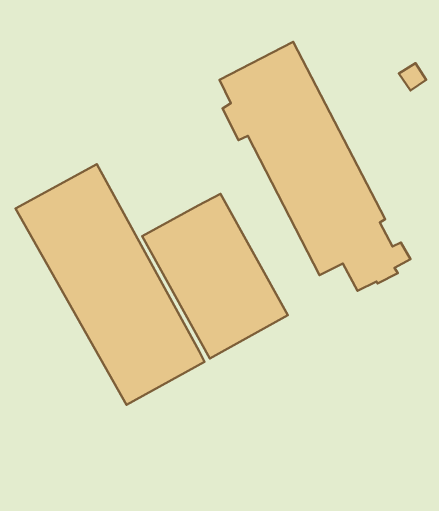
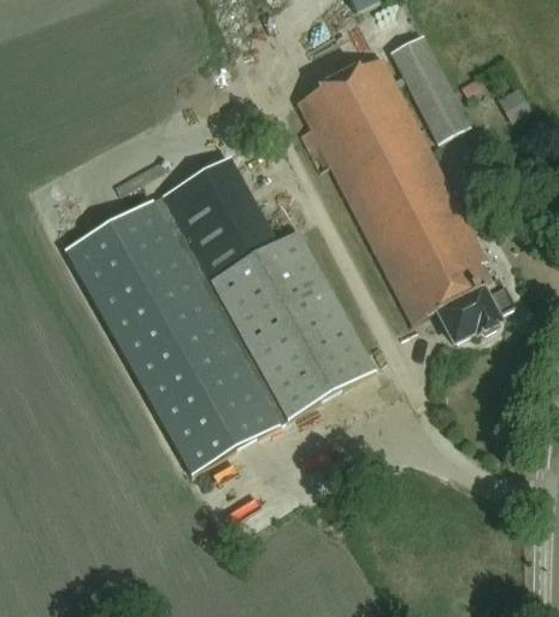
building: none -> [389,34,467,142]
building: none -> [160,154,277,277]

